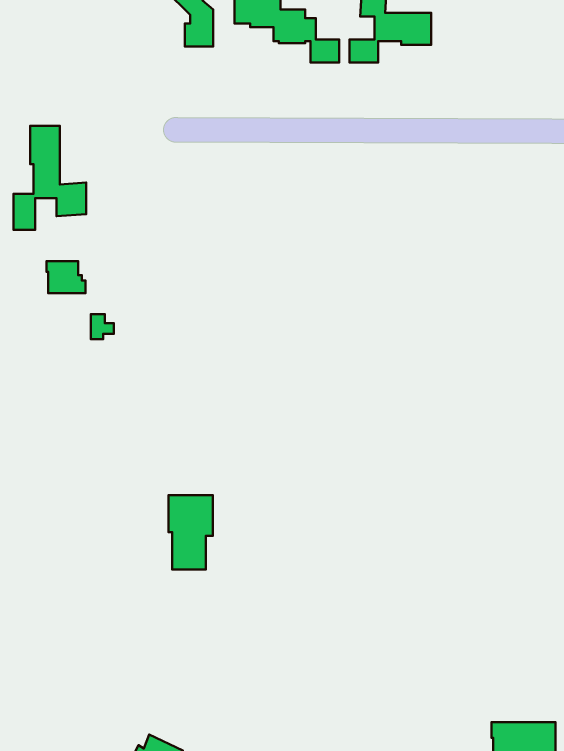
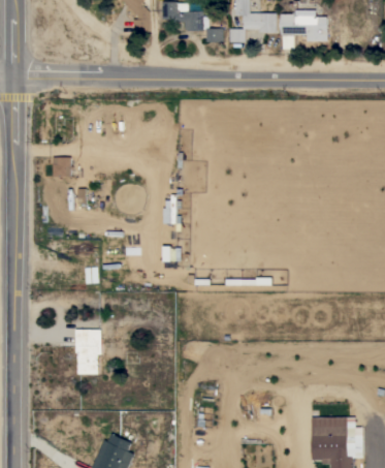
building: none -> [280,9,327,40]
building: [14,126,86,230] -> none
building: [169,495,213,570] -> [75,330,101,373]

